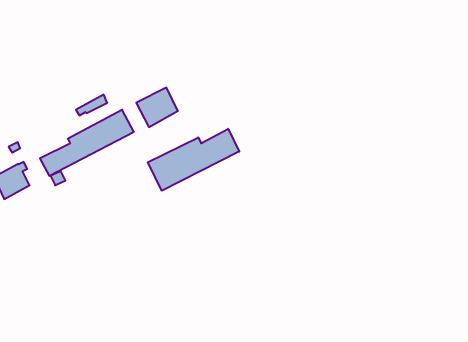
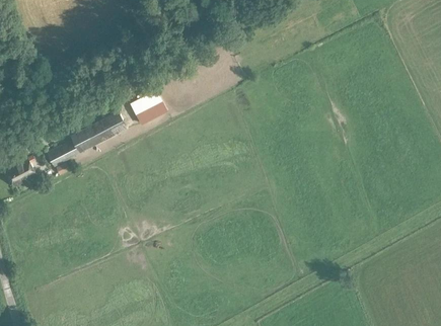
building: [148,129,239,191] -> none

